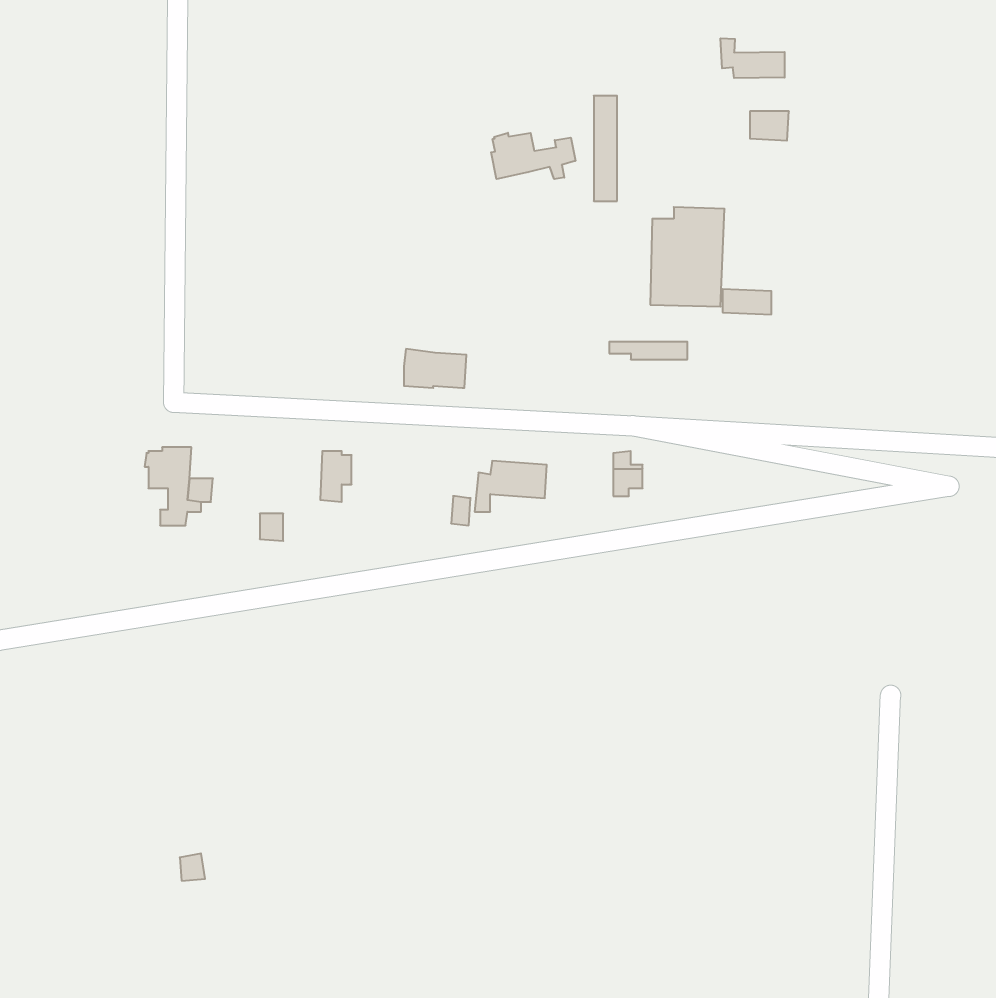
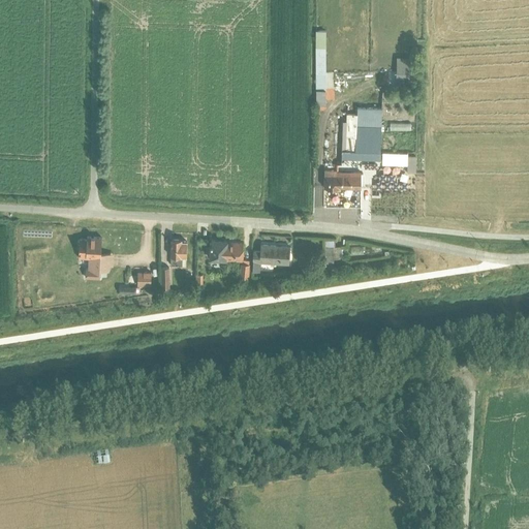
building: [721,38,785,78] -> none
building: [491,133,575,179] -> none
building: [404,349,466,388] -> [210,240,243,260]

